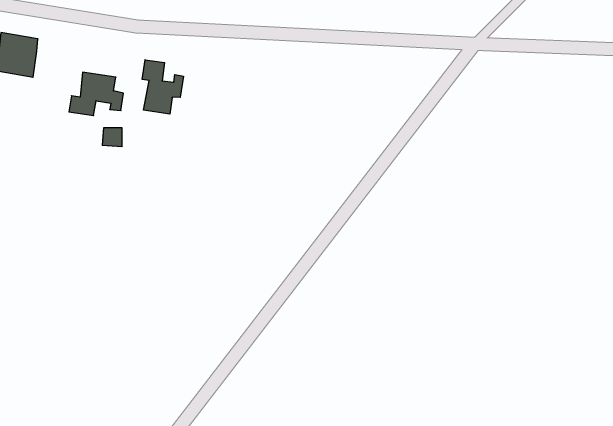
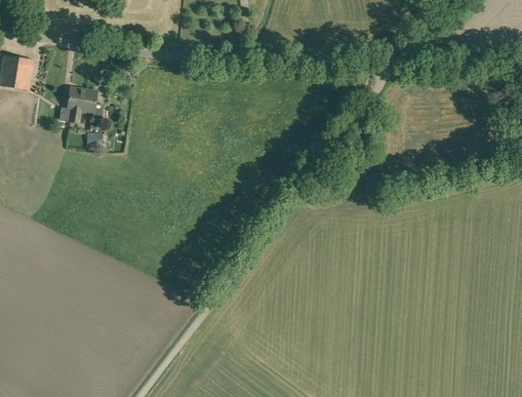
building: [142,60,183,114] -> none

